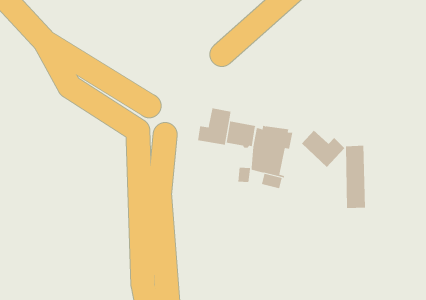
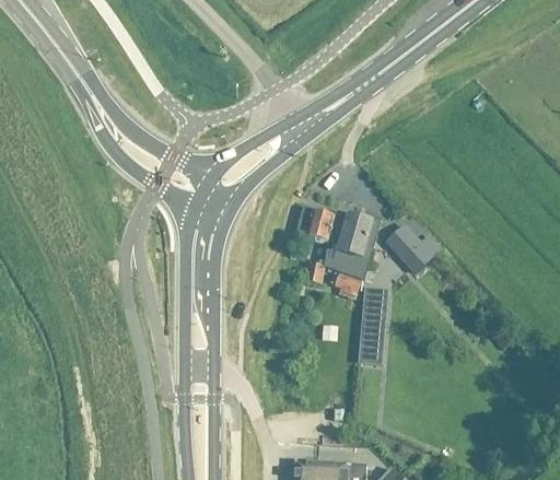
building: [198,107,231,146] -> none
building: [345,145,366,208] -> [358,290,386,366]

